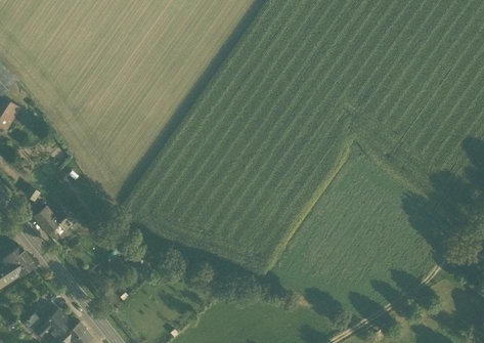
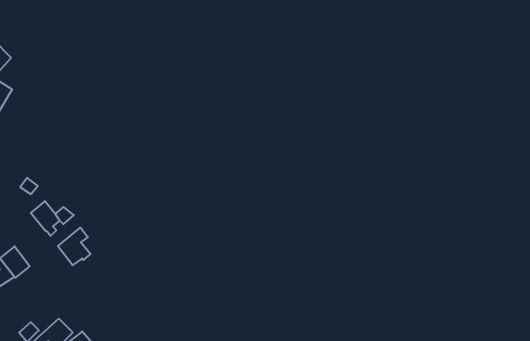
building: none -> [58,228,90,265]

